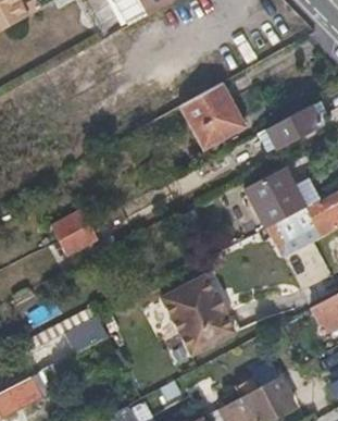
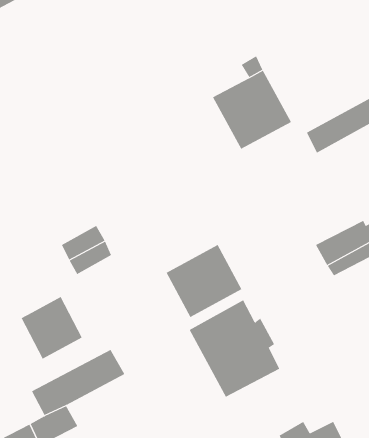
building: [243,169,306,230] -> none
building: none -> [166,244,242,318]
building: none -> [21,296,83,359]

